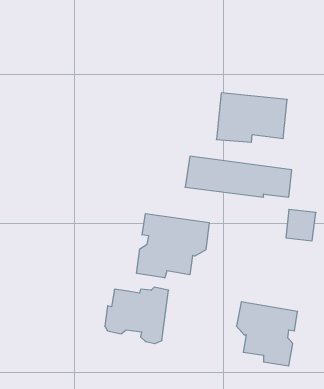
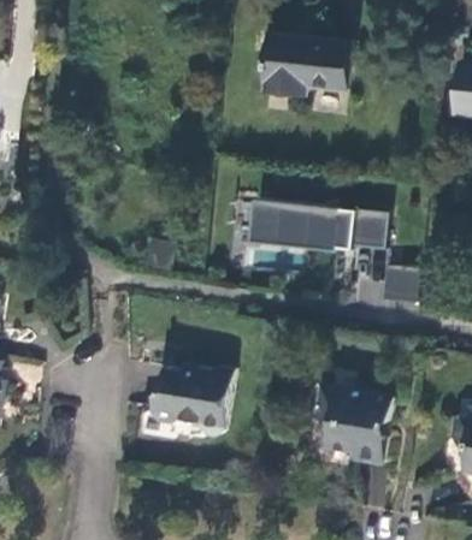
building: [216,93,287,142] -> [262,35,350,96]
building: [136,214,209,278] -> none

